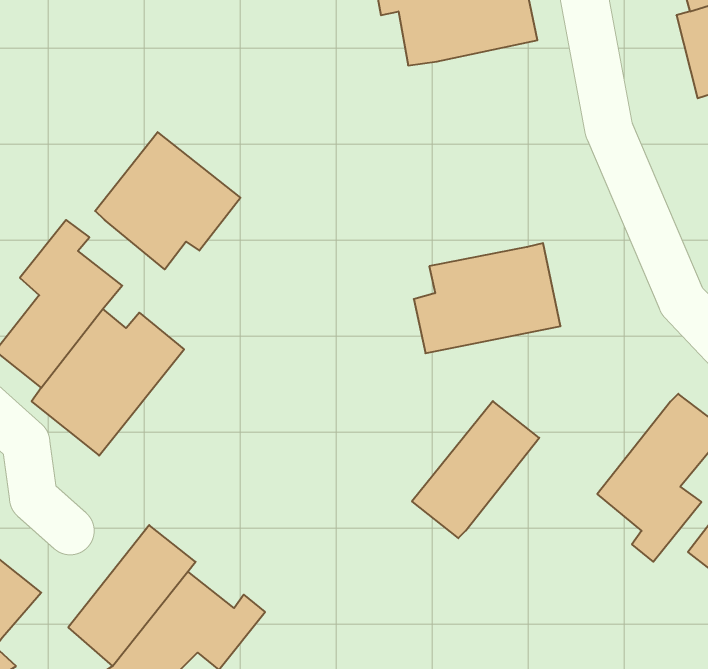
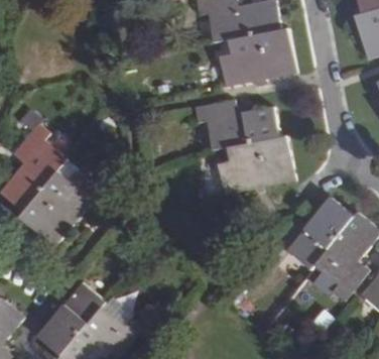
building: none -> [221,27,297,86]
building: [95,132,240,269] -> none
building: none -> [194,100,277,149]
building: [412,401,539,538] -> [285,198,352,269]

